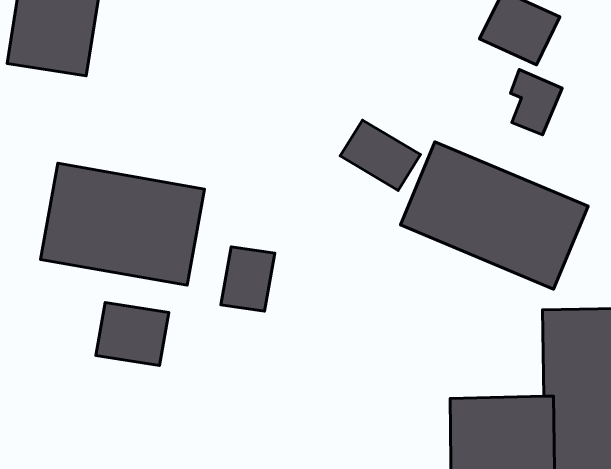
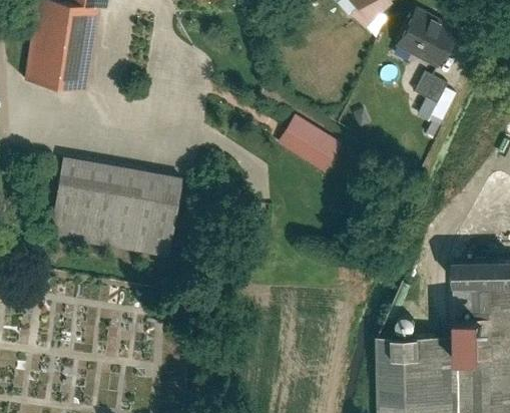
building: [400,142,588,289] -> none
building: [221,247,275,311] -> none
building: [96,303,169,365] -> none

